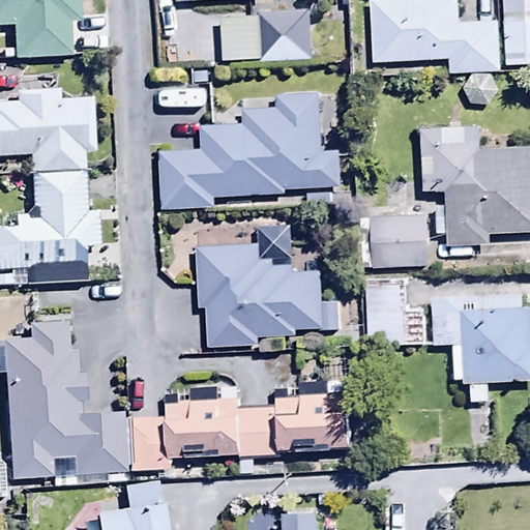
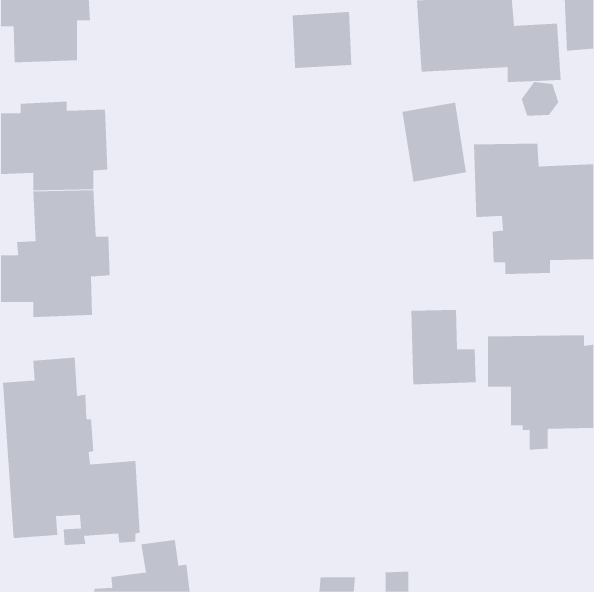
building: [224,16,262,59] -> none
building: none -> [402,102,467,183]
building: [159,94,340,209] -> none
building: [372,215,431,268] -> none
building: [197,226,338,347] -> none
building: [128,387,349,473] -> none

